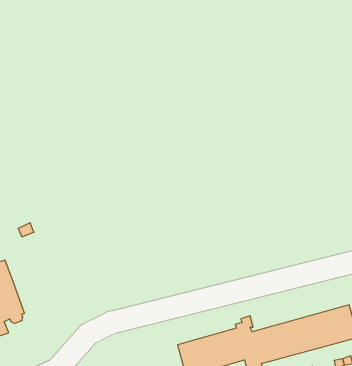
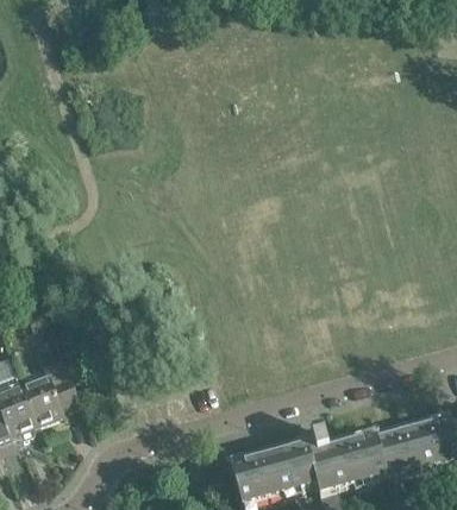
building: none -> [20,353,79,422]

